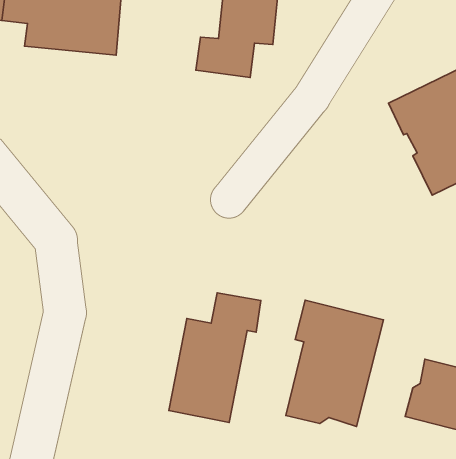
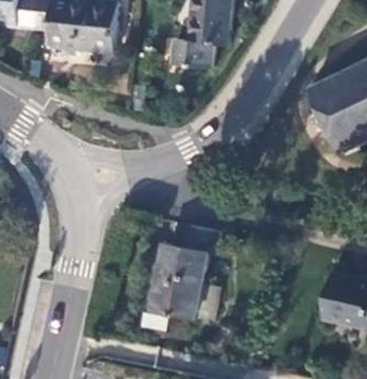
building: [286,300,384,426] -> none

